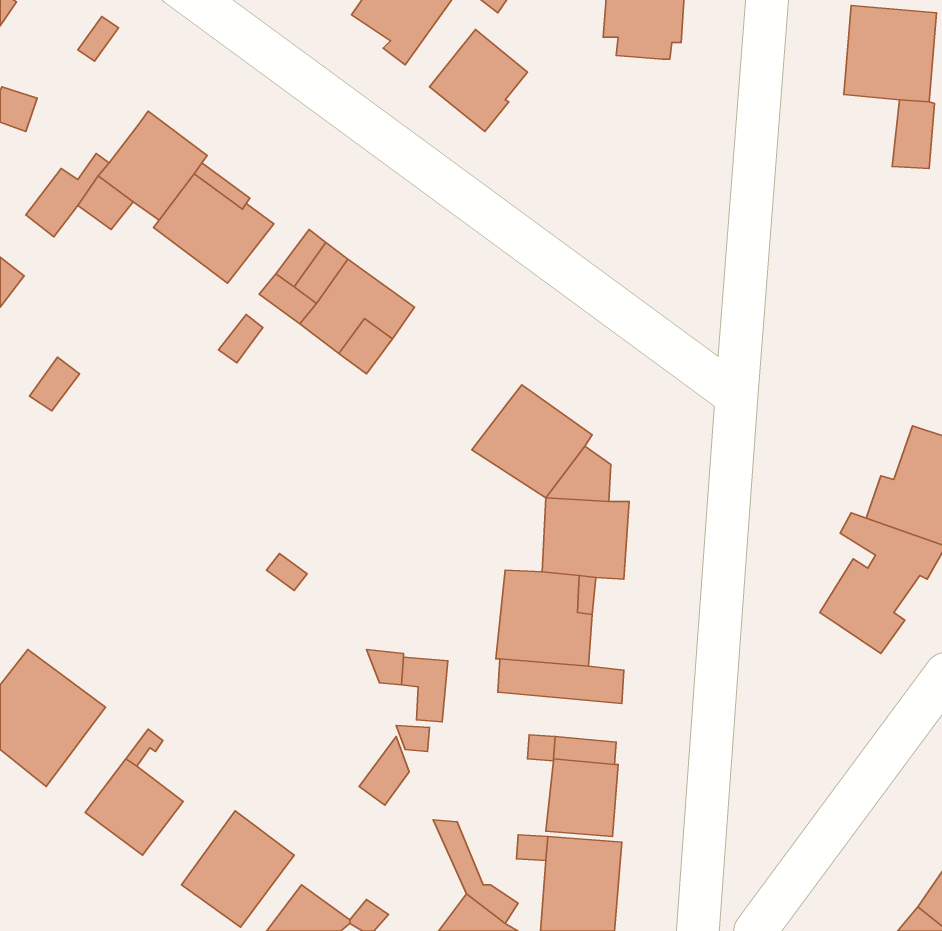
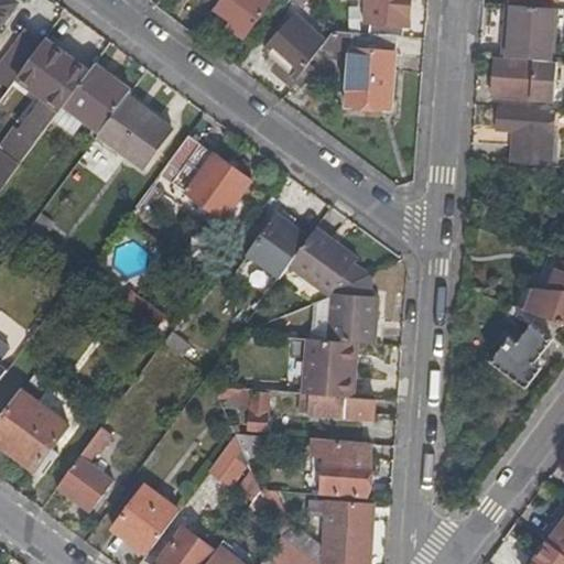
building: none -> [318,30,397,109]
building: none -> [31,46,85,97]
building: none -> [496,55,538,99]
building: none -> [495,110,555,164]
building: none -> [245,215,305,278]

